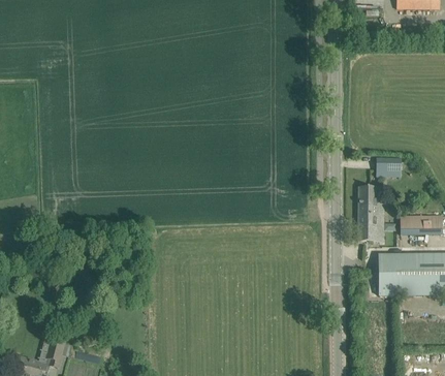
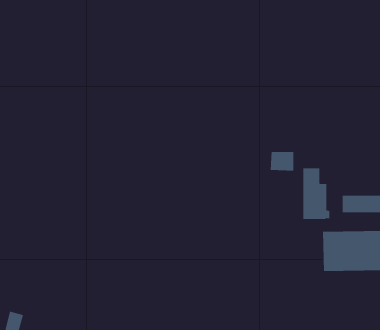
building: [374,156,400,177] -> [270,152,294,171]

